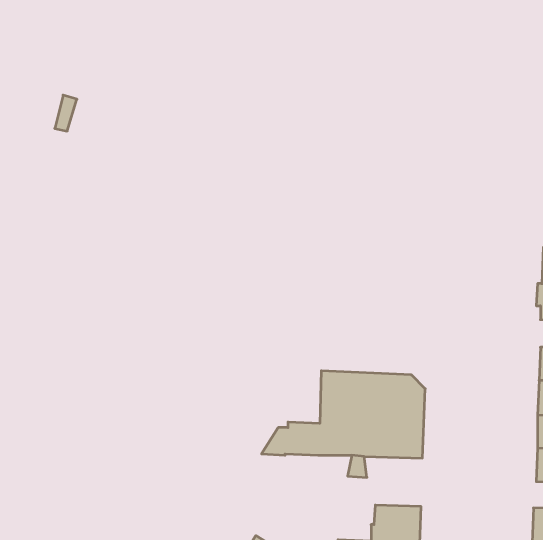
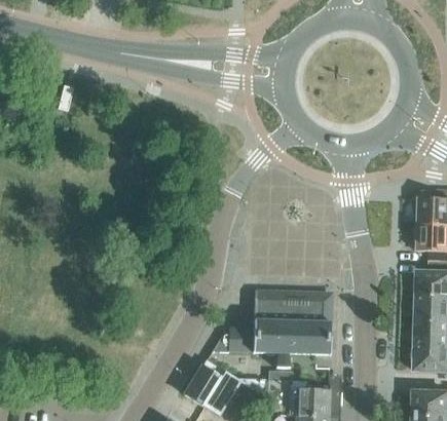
building: none -> [186,360,239,407]

